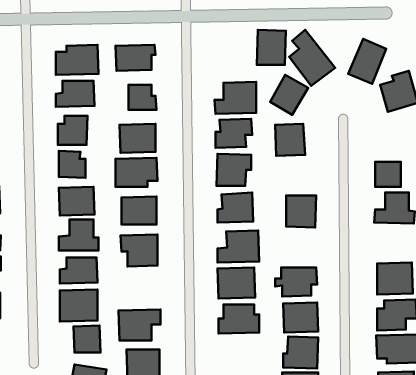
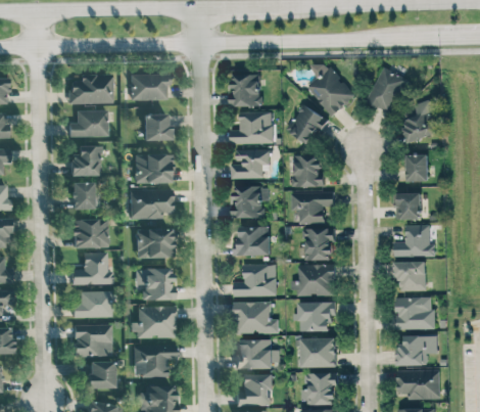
building: [257,30,286,65] -> [231,71,260,106]
building: none -> [406,154,429,182]
building: none -> [291,192,334,223]
building: none -> [396,261,427,290]
building: none -> [294,264,336,295]
building: none -> [133,306,175,338]
building: none -> [236,374,271,405]

